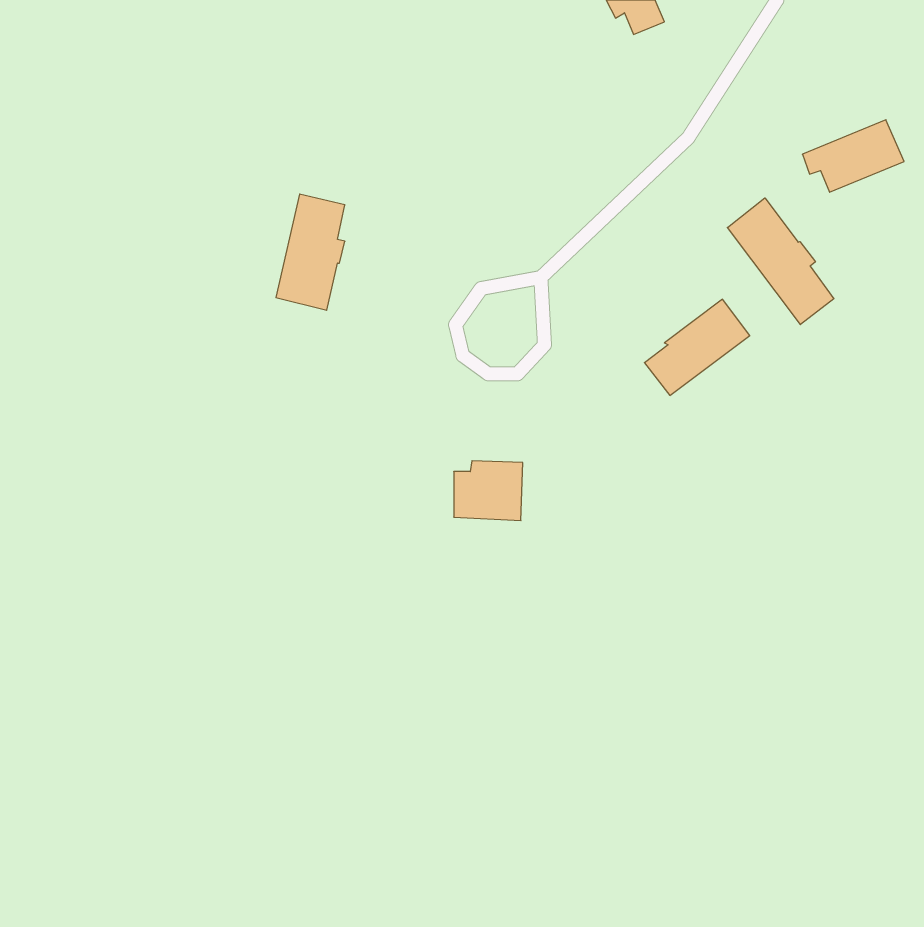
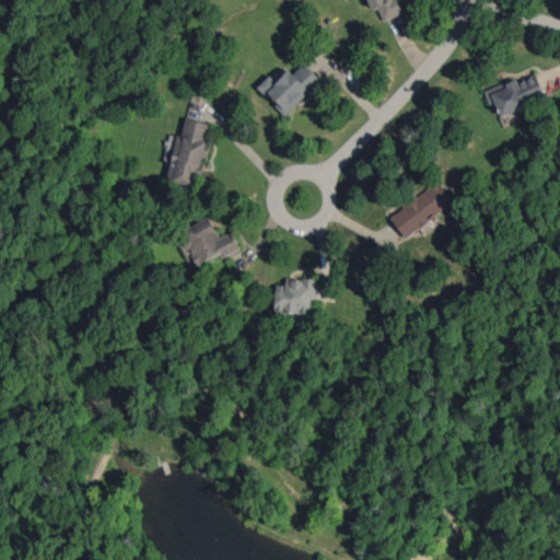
building: none -> [256,62,319,116]
building: [727,198,834,325] -> none
building: none -> [179,217,236,266]

